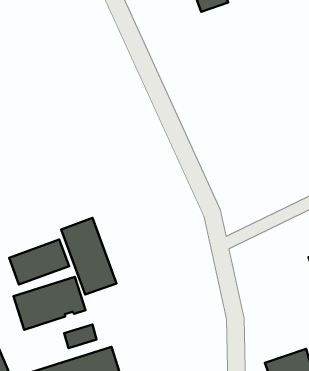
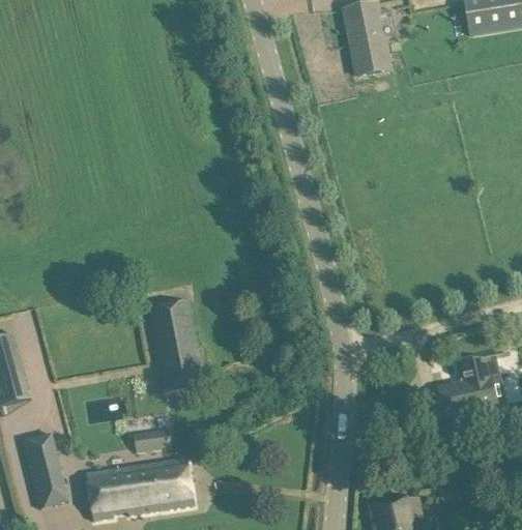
building: [9,240,69,285] -> none
building: [13,277,86,330] -> none

